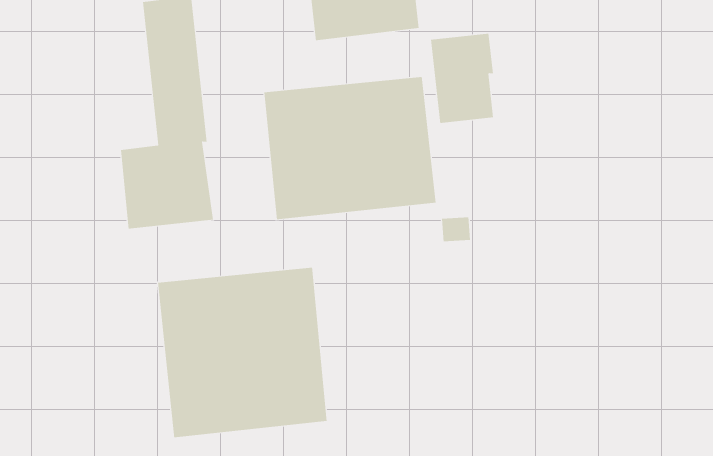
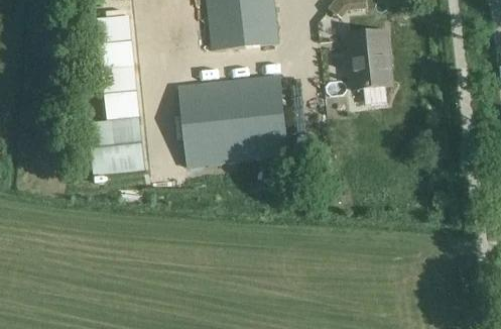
building: [430,33,494,124] -> [347,29,388,88]
building: [157,267,327,438] -> none

